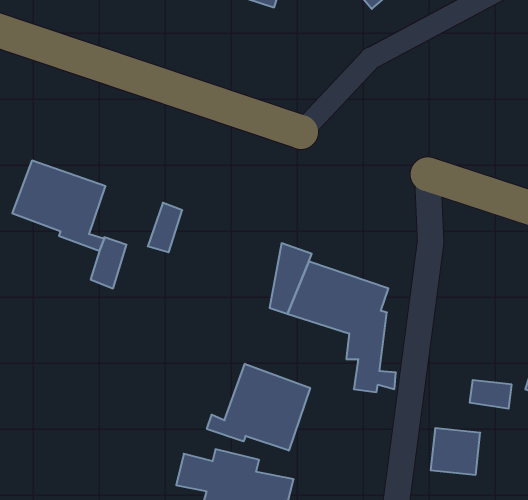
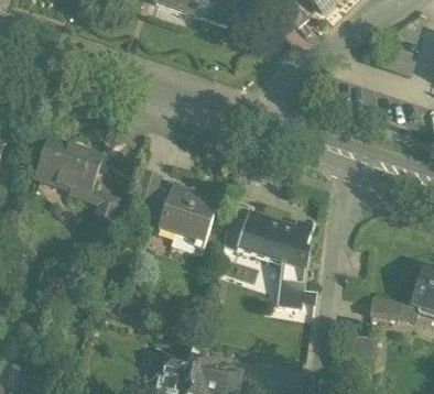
building: none -> [158,185,218,248]
building: [207,364,310,451] -> none

